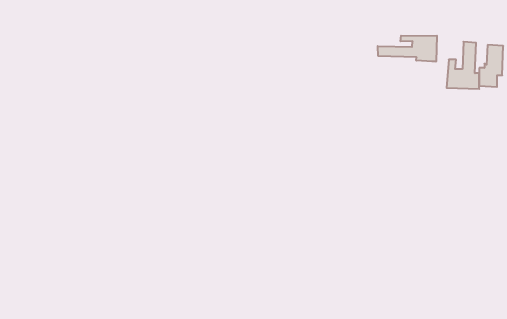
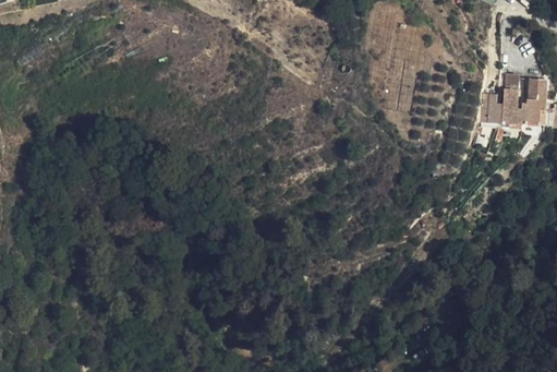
building: [378,36,437,62] -> none

